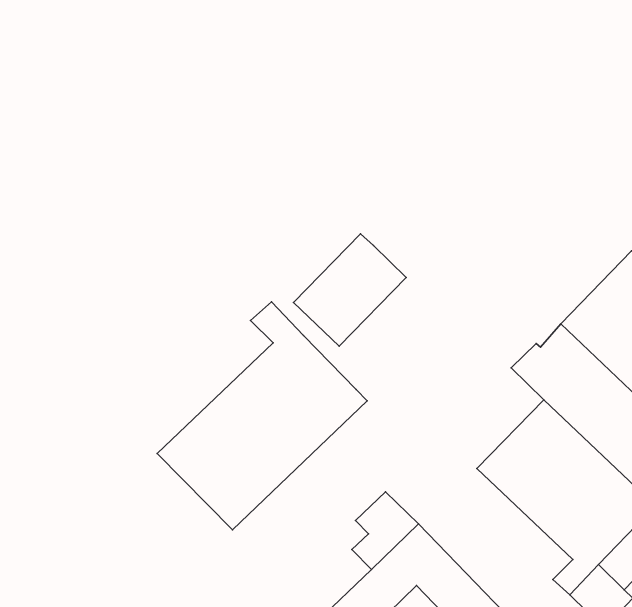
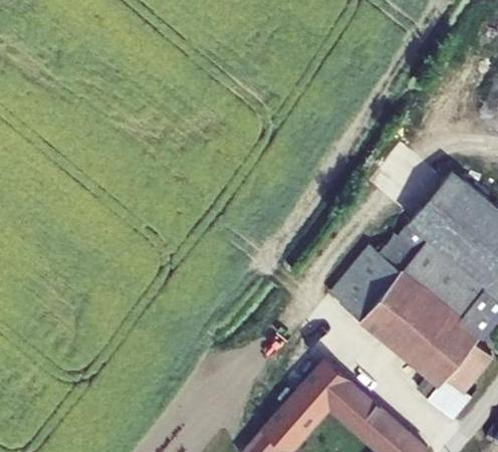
building: [293,234,406,346] -> [330,248,403,322]
building: [157,302,367,530] -> none

